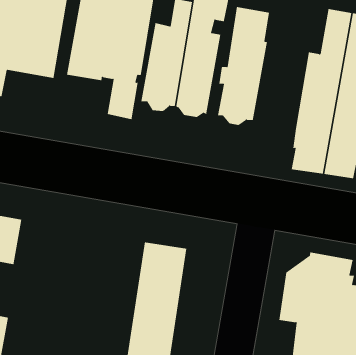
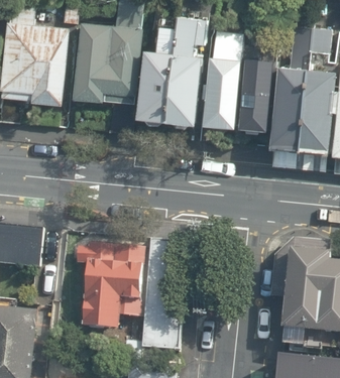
building: none -> [235,52,278,131]
building: none -> [82,243,144,328]

